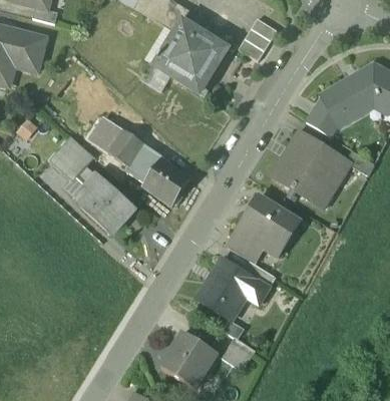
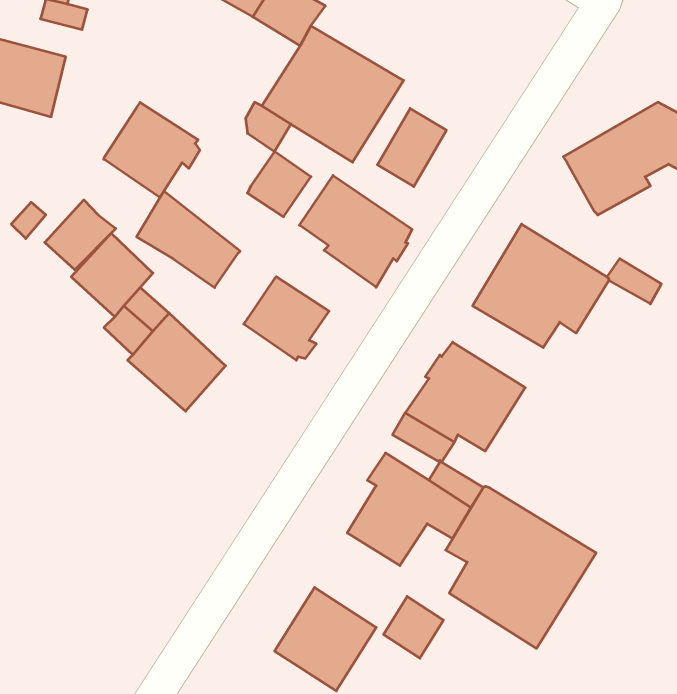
building: [238,18,276,61] -> [377,108,446,187]
building: none -> [104,102,200,197]
building: [306,96,337,135] -> none
building: none -> [299,175,412,287]
building: none -> [45,200,116,270]
building: [125,146,160,182] -> [247,151,311,217]
building: none -> [446,486,596,648]

